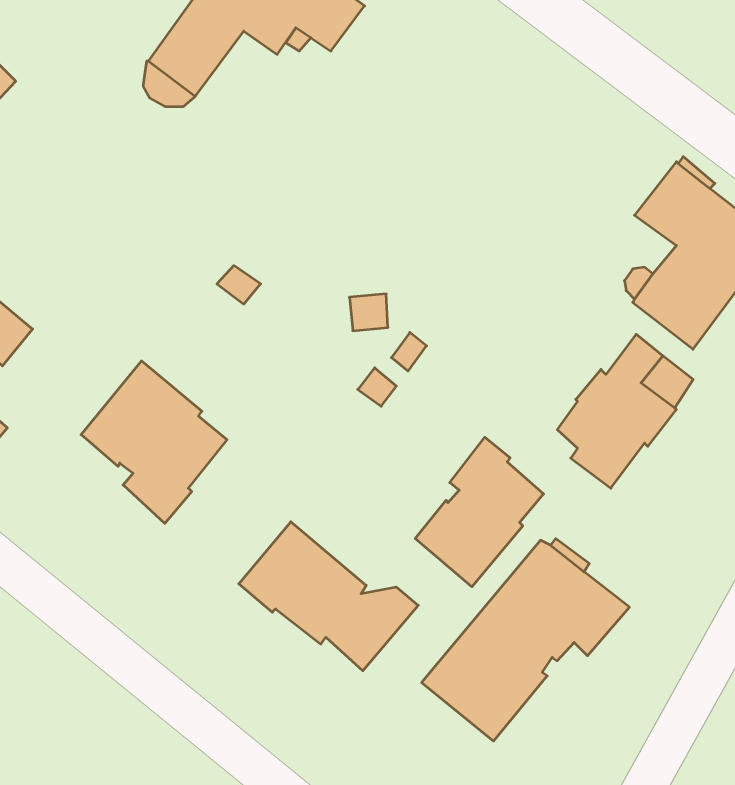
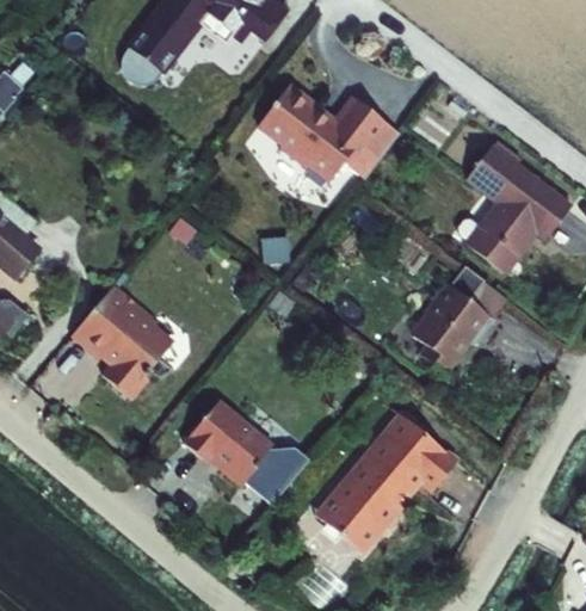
building: none -> [257,82,400,183]
building: [415,437,544,587] -> none

